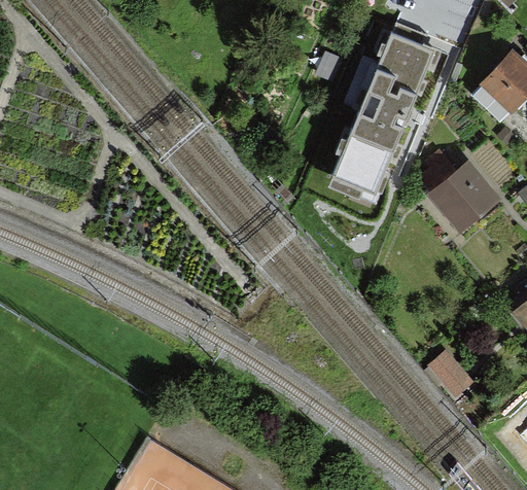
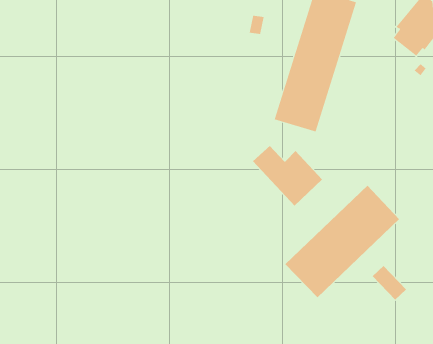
building: [414,155,492,227] -> [252,145,323,207]
building: none -> [285,185,400,298]

